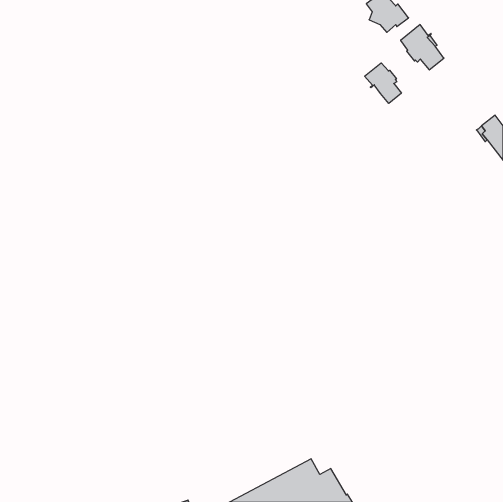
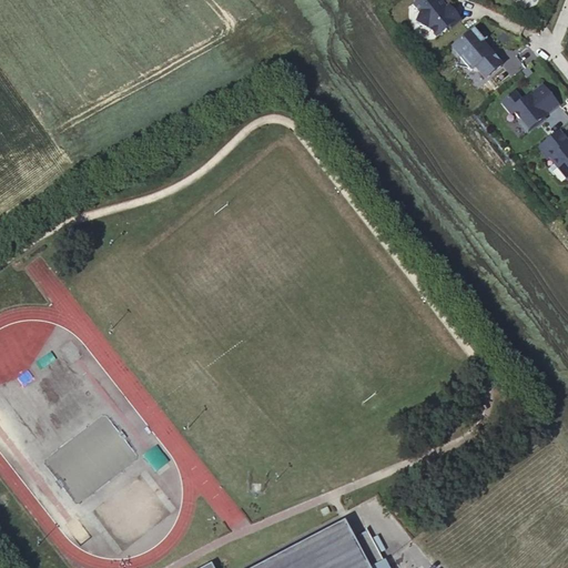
building: [365,63,401,103] -> none
building: none -> [500,84,558,133]

